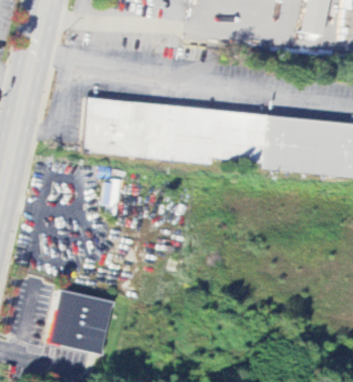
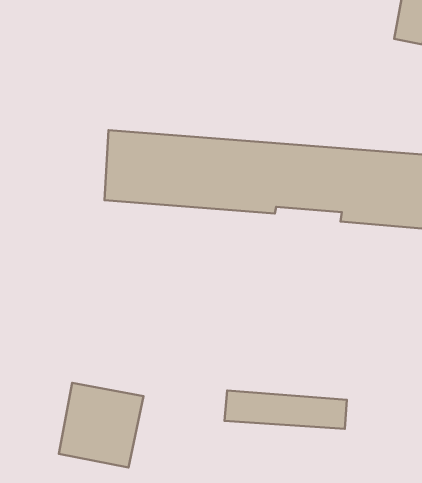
building: none -> [225,391,347,429]

